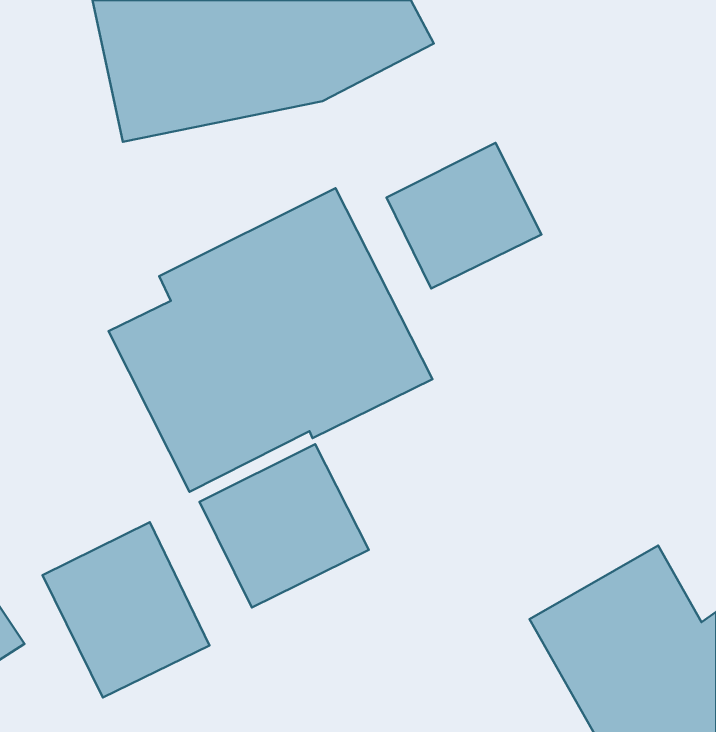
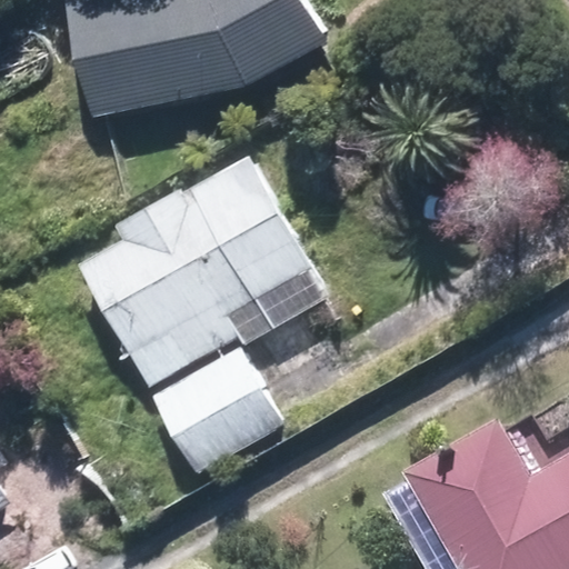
building: [387,143,542,289] -> none
building: [43,522,210,697] -> none

